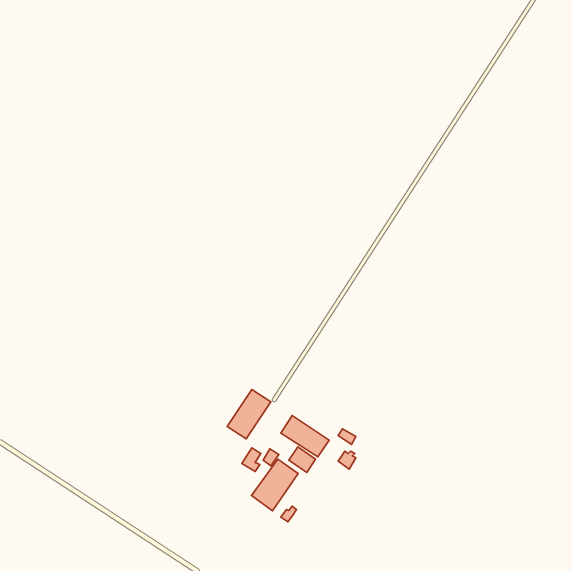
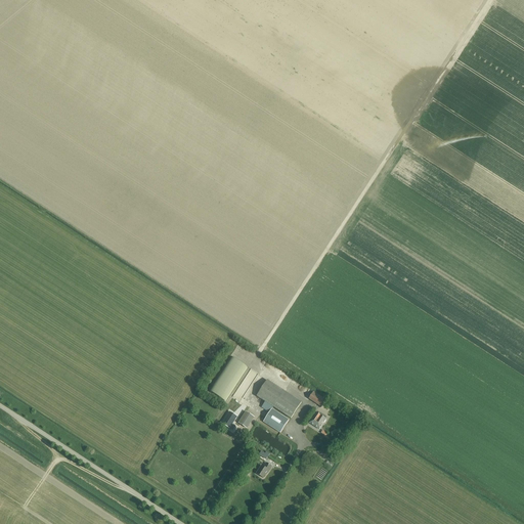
building: [251,459,298,511] -> none

